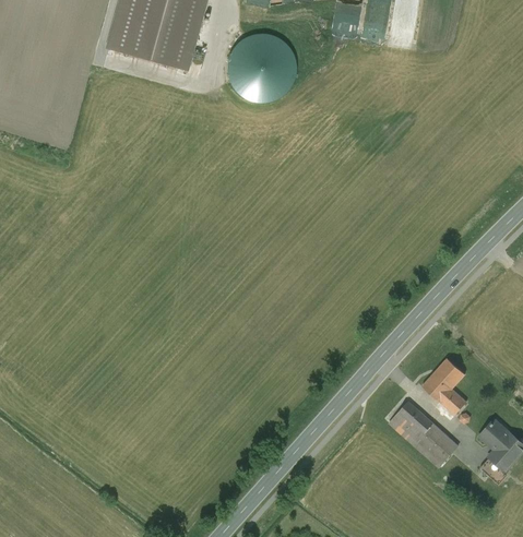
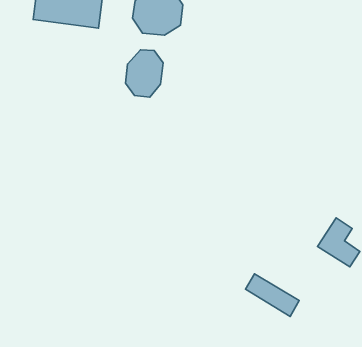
building: none -> [125,50,163,97]
building: [393,407,459,467] -> [246,274,299,317]

